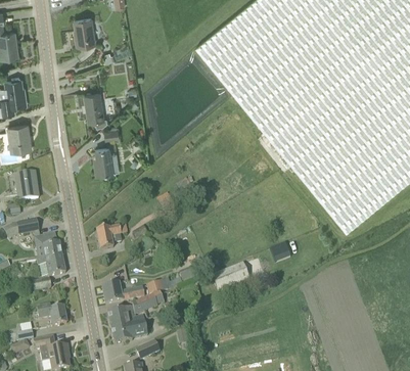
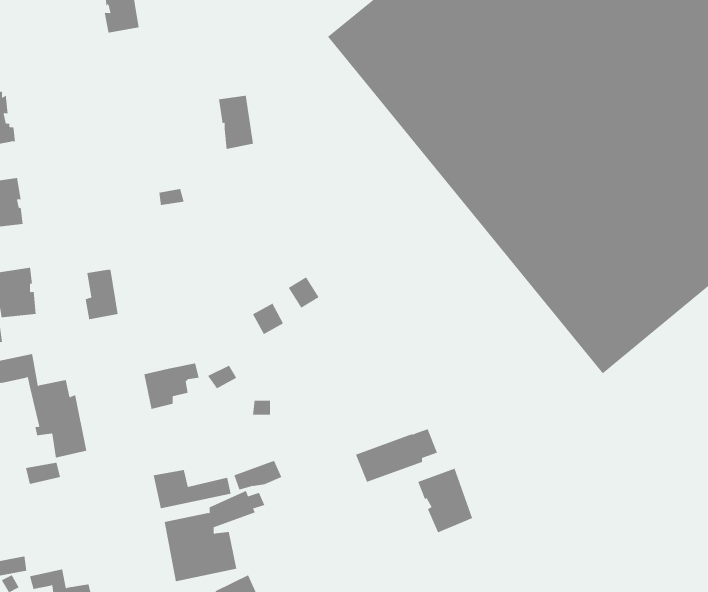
building: [85,93,104,123] -> [218,95,254,150]
building: [95,148,113,176] -> [85,269,119,320]
building: none -> [417,468,473,533]
building: [37,306,67,327] -> none

